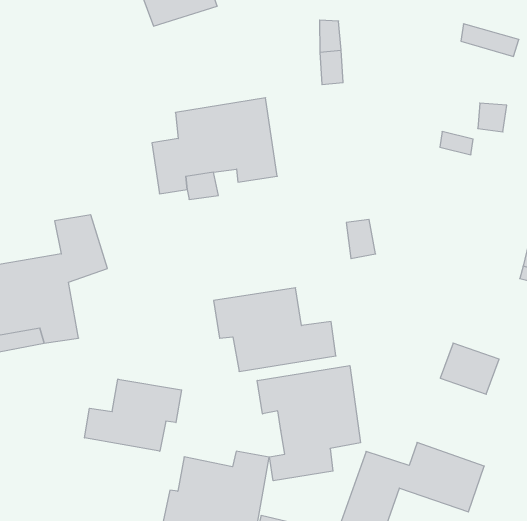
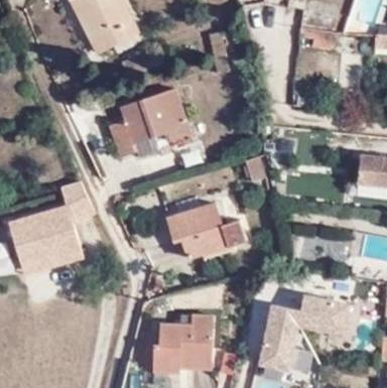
building: [257,366,360,481] -> none
building: [85,379,182,451] -> none

